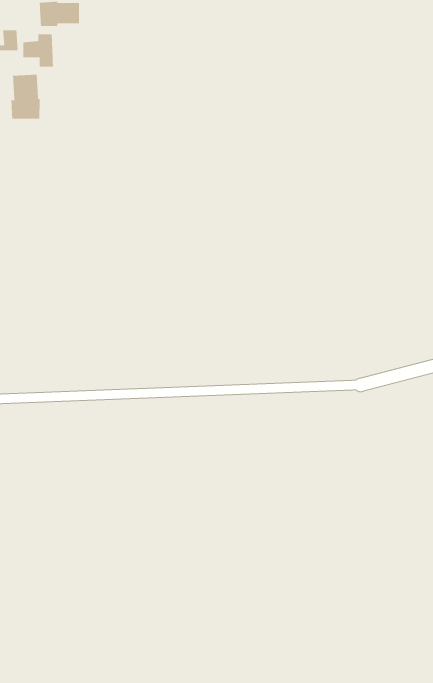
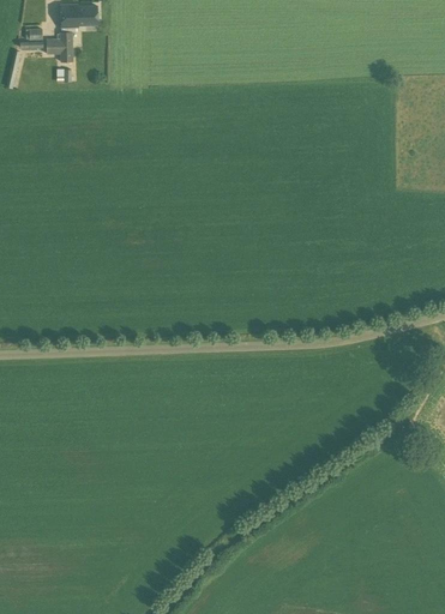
building: [10,74,40,120] -> none

